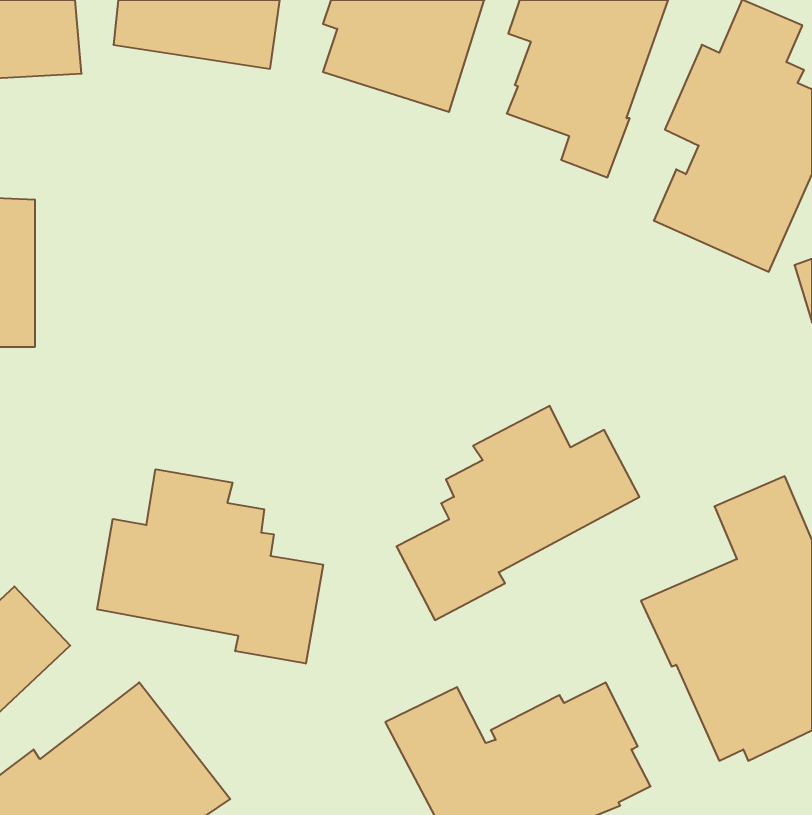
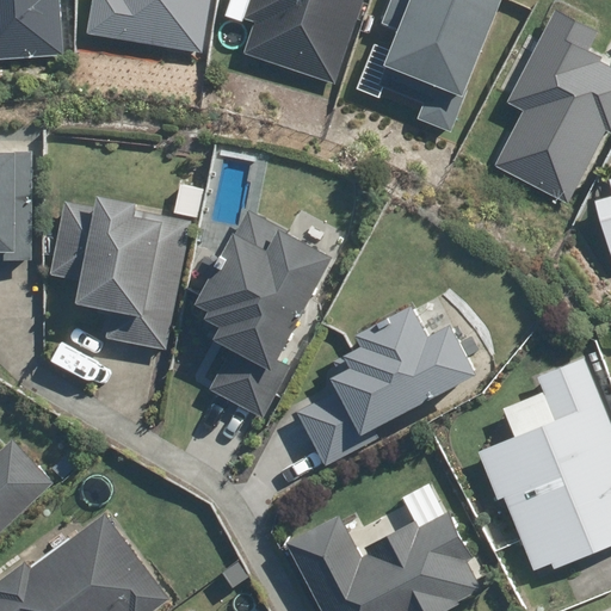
building: none -> [44,195,187,350]
building: none -> [189,210,331,418]
building: [97,469,323,664] -> none

